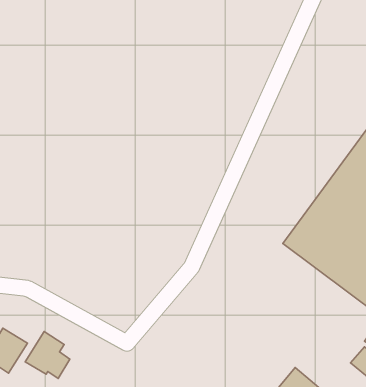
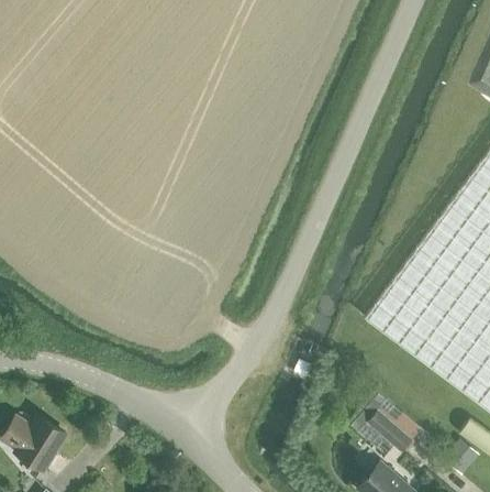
building: none -> [358,402,423,455]
building: [25,332,70,378] -> none

